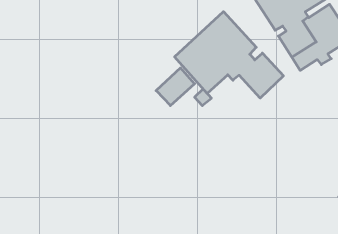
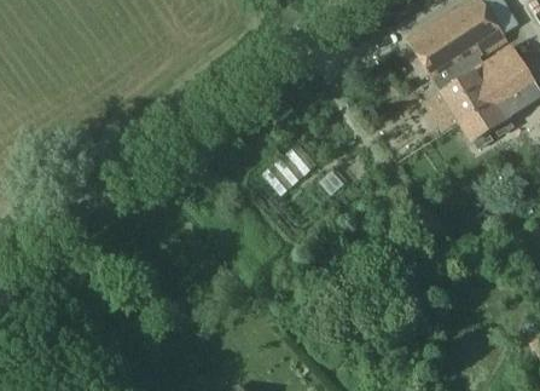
building: [175,12,283,98] -> none

